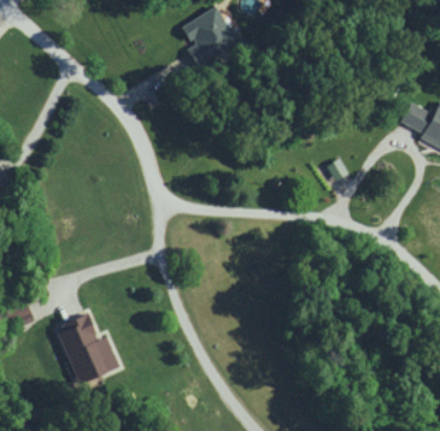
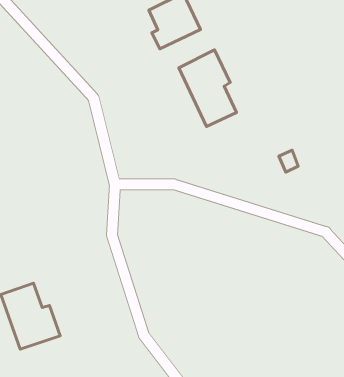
building: none -> [179,50,236,127]

